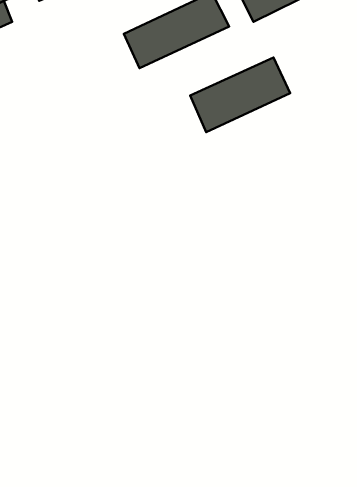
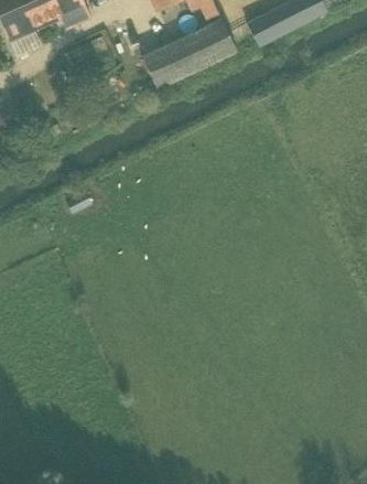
building: [190,57,290,132] -> none

